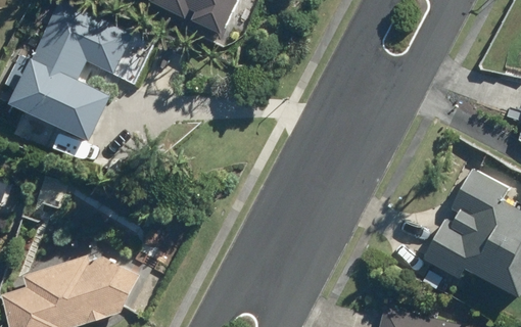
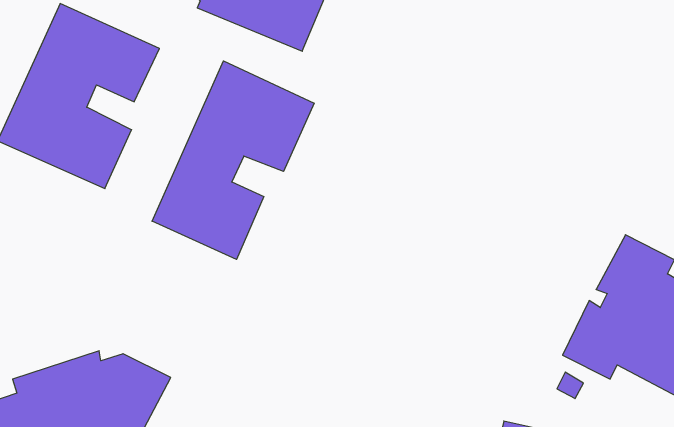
building: none -> [152,61,314,259]

